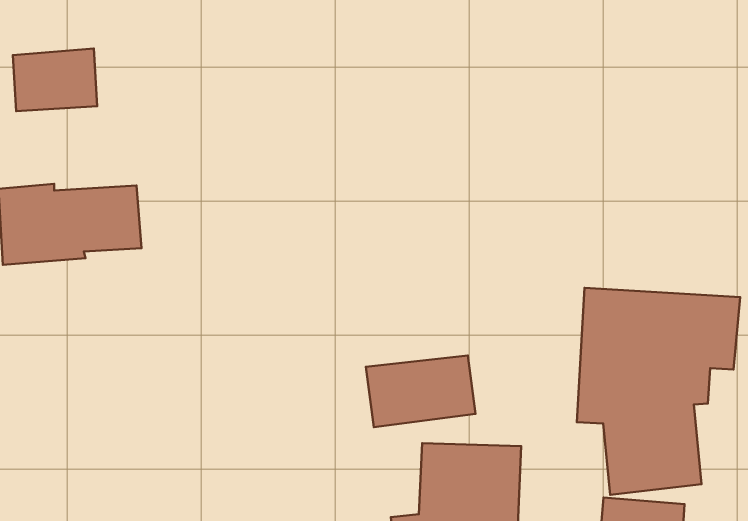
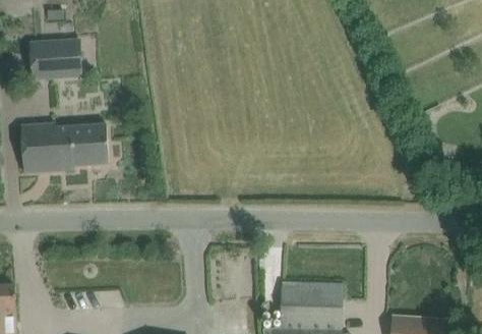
building: [577,288,740,495] -> none
building: [366,355,476,427] -> none

